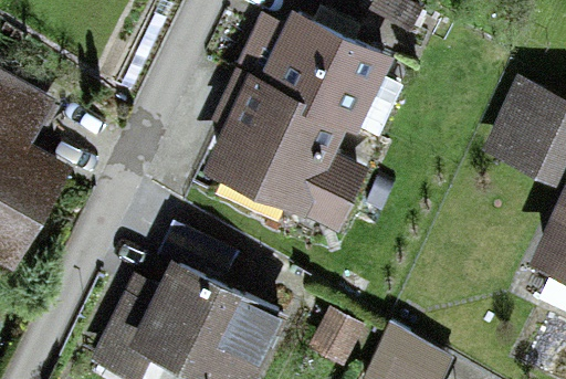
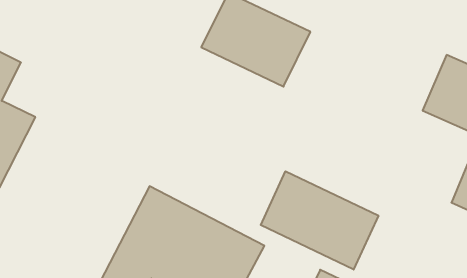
building: [207,81,366,234] -> none
building: none -> [261,171,378,270]

